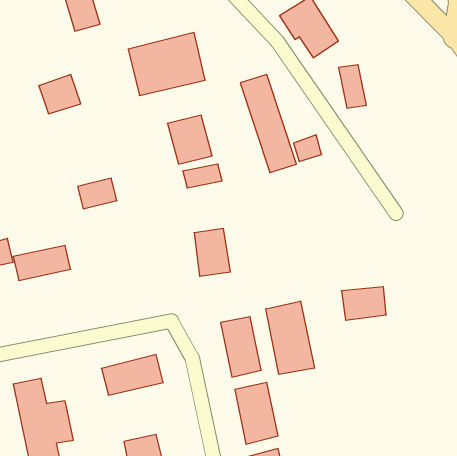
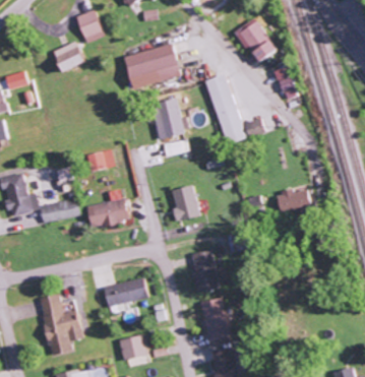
building: [39,75,81,114] -> [52,42,82,70]
building: none -> [87,199,130,226]
building: [341,287,386,320] -> [276,189,308,213]
building: [266,301,314,374] -> none

